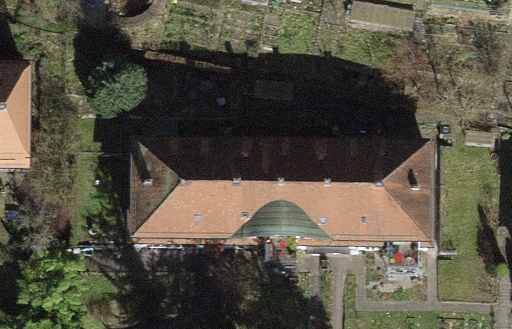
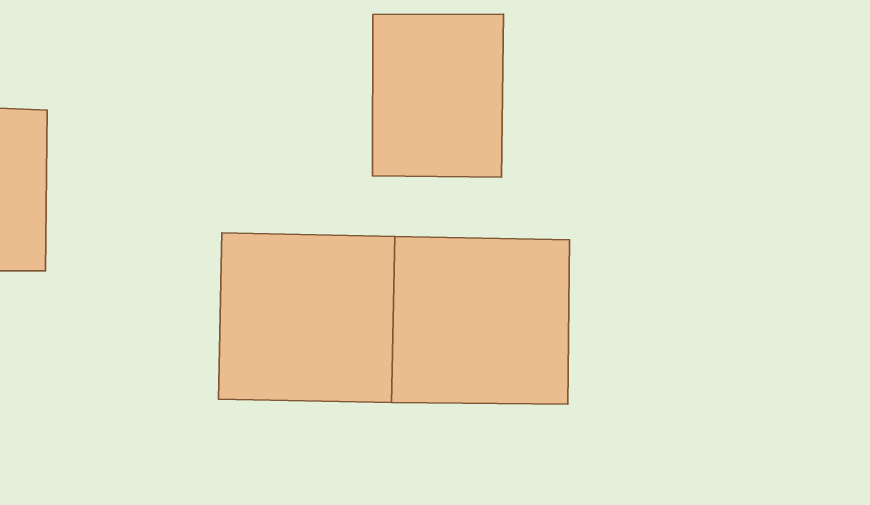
building: none -> [372,14,503,177]
building: [330,142,431,239] -> none

